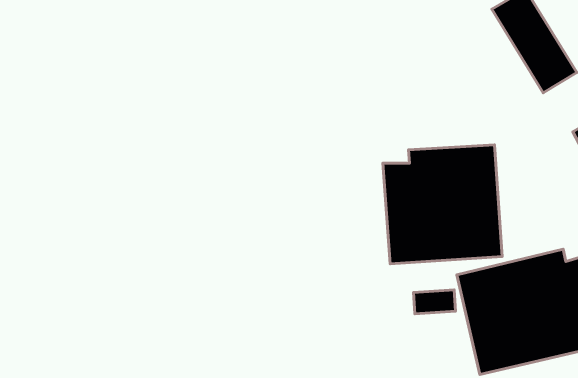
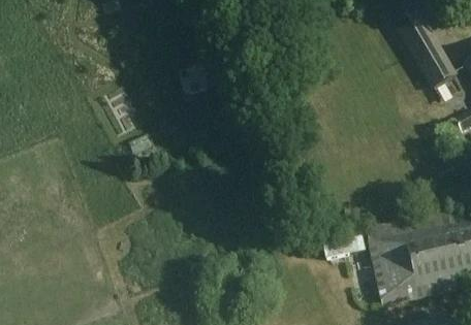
building: [383,145,502,264] -> none

